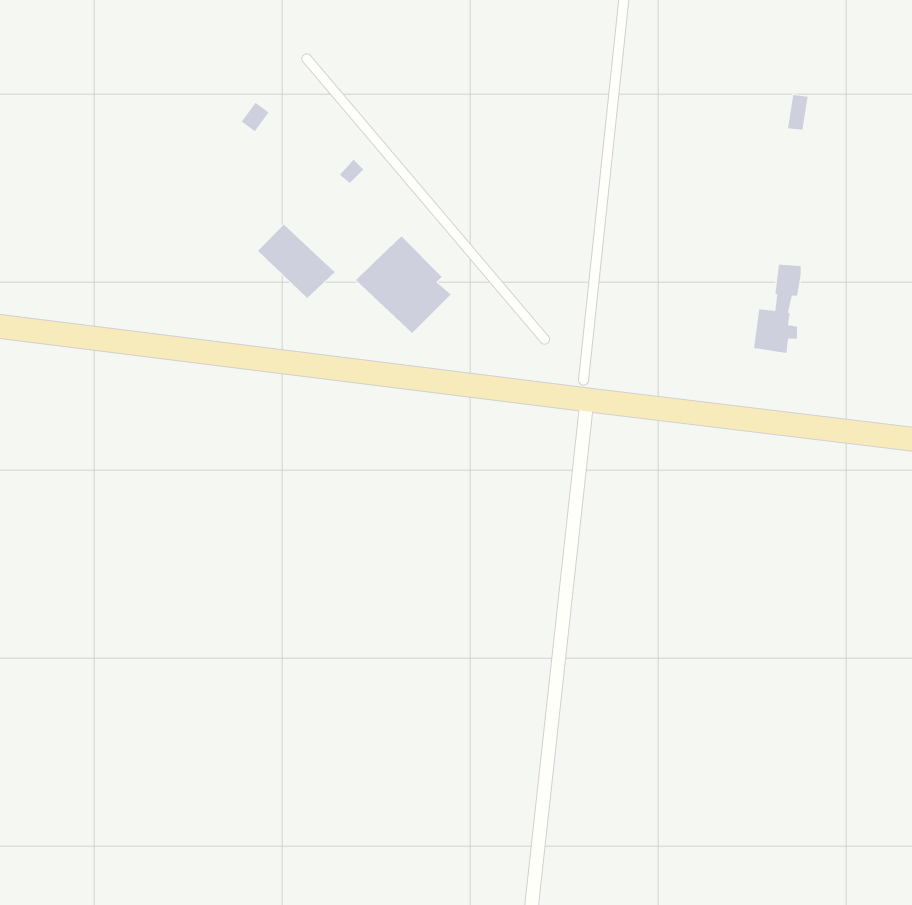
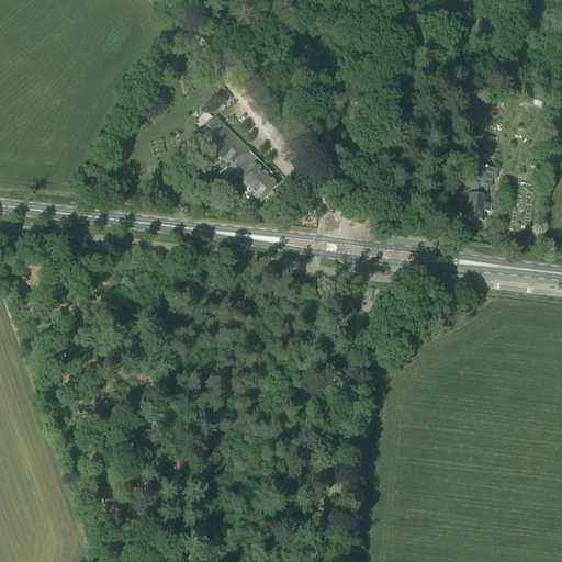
building: [257,224,336,299] -> [199,115,247,161]

